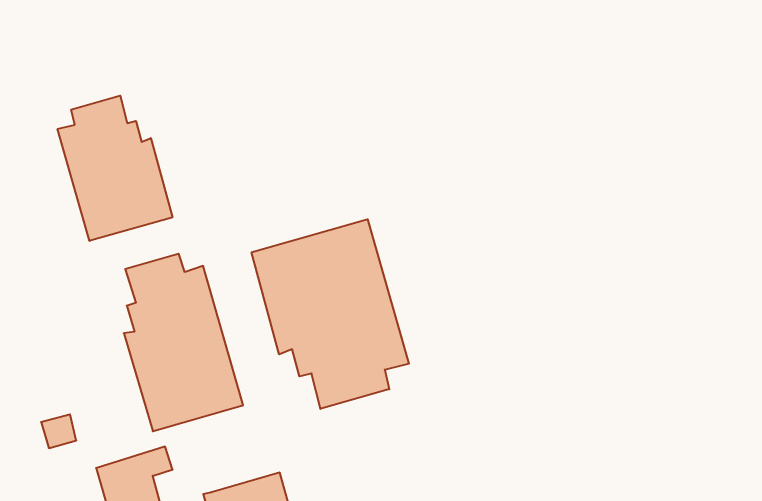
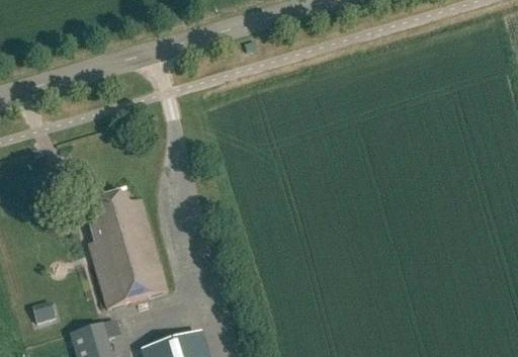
building: [58,96,172,241] -> none
building: [252,219,409,409] -> none

